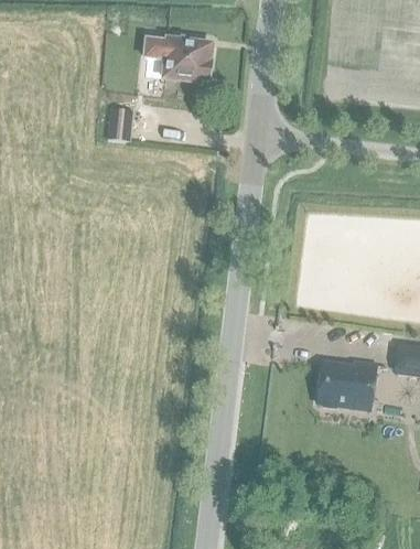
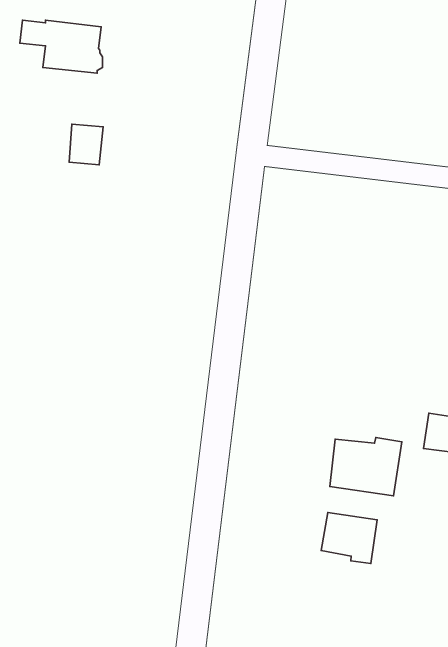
building: [139,37,206,80] -> [20,20,103,73]
building: none -> [321,513,377,564]

